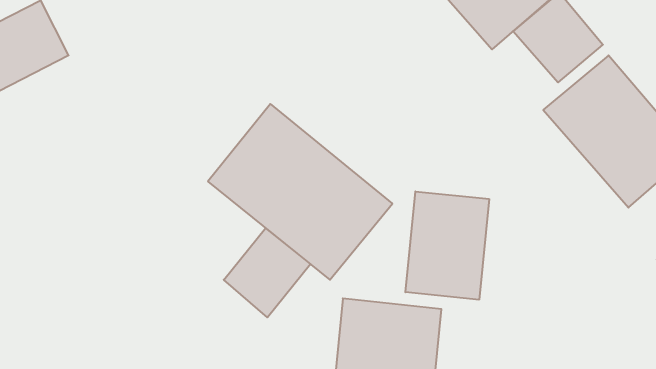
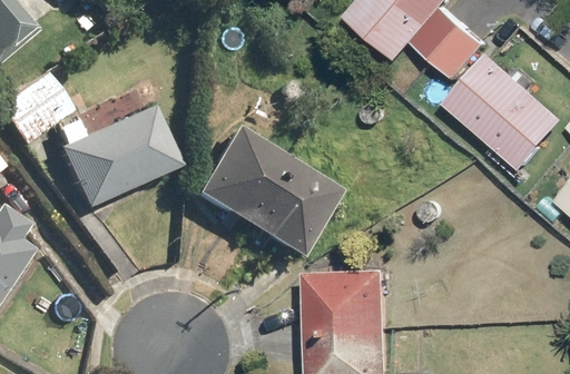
building: none -> [46,107,170,211]
building: [405,191,489,300] -> none
building: [224,228,310,317] -> none

